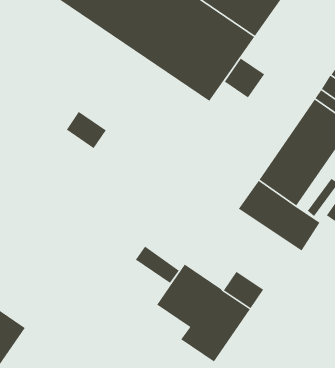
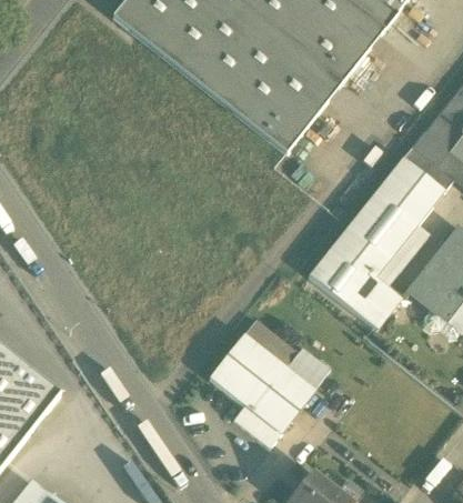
building: [224,58,265,99] -> none
building: [66,111,107,149] -> none
building: [135,245,180,284] -> [243,319,293,364]

